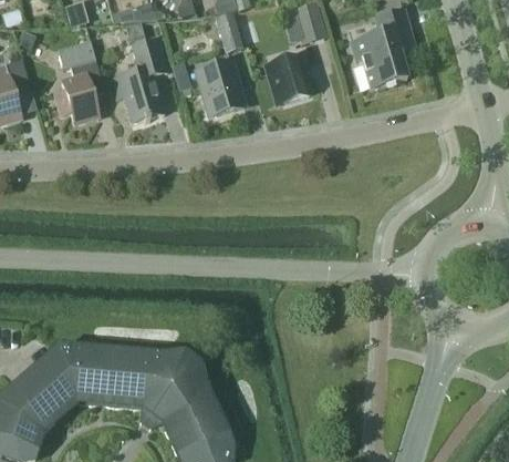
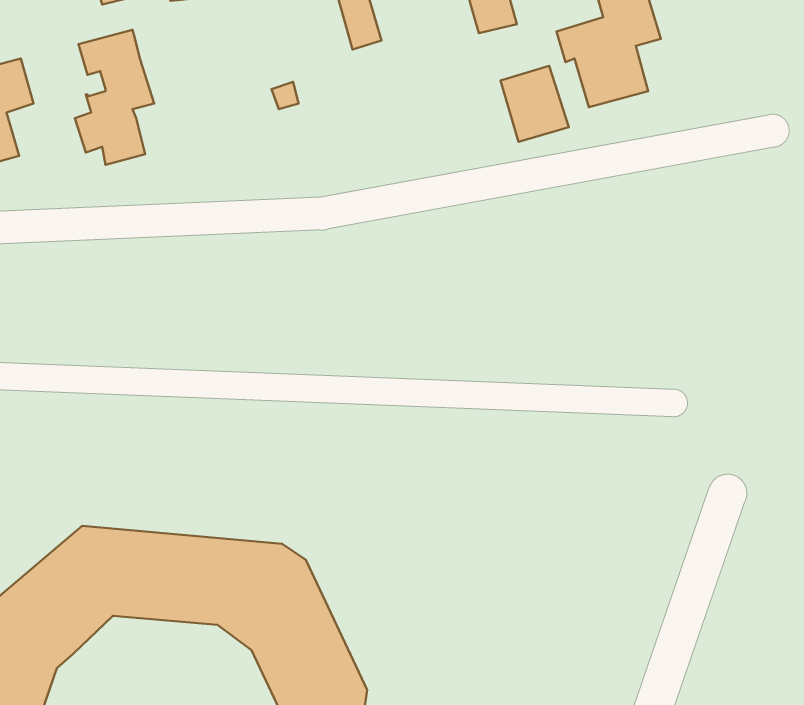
building: [113,37,167,121] -> none
building: [267,54,309,101] -> [500,66,569,142]
building: [195,60,243,113] -> none

